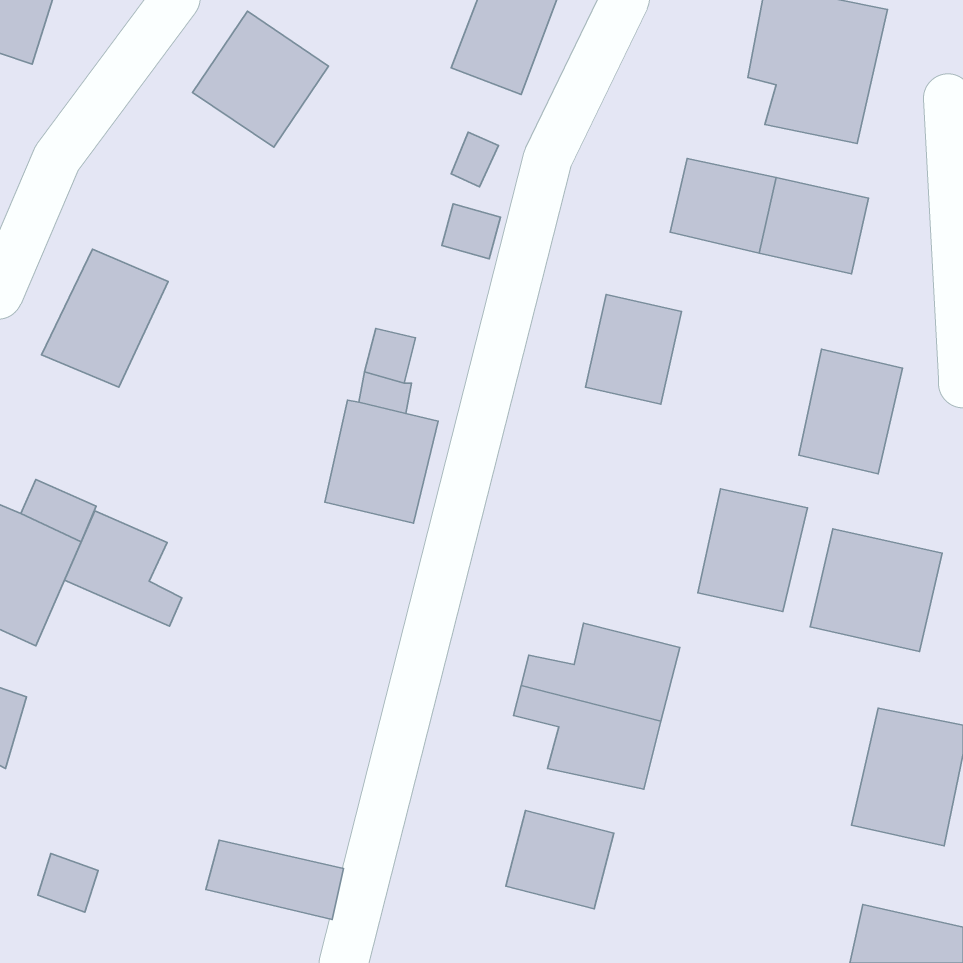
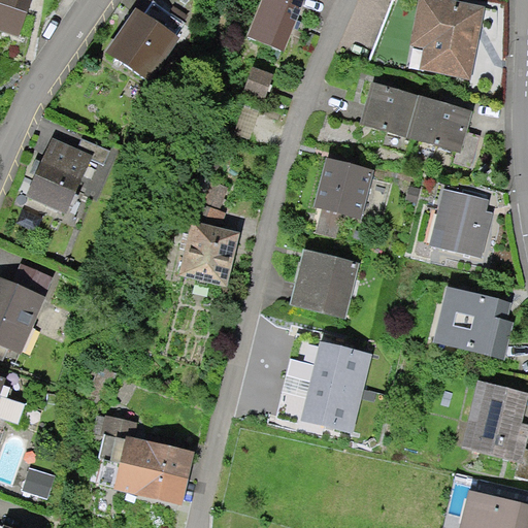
building: [698,489,807,612] -> [297,253,357,320]
building: [64,511,182,626] -> none
building: none -> [101,414,194,473]
building: [506,810,614,909] -> none

